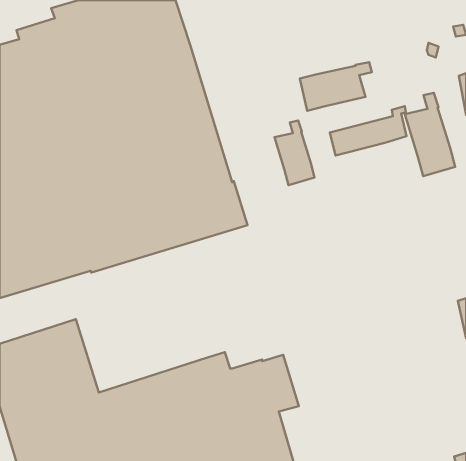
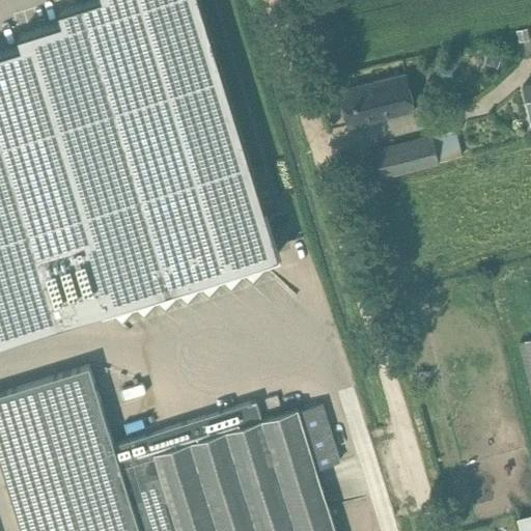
building: [405,93,455,176] -> none
building: [275,120,315,185] -> none

